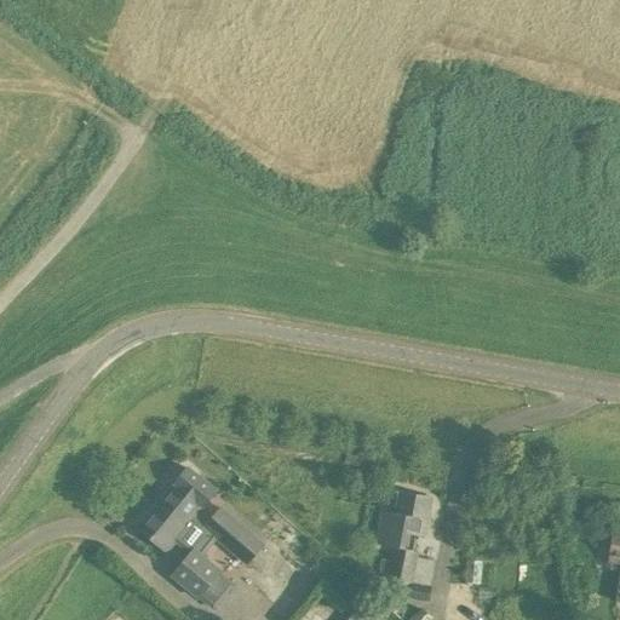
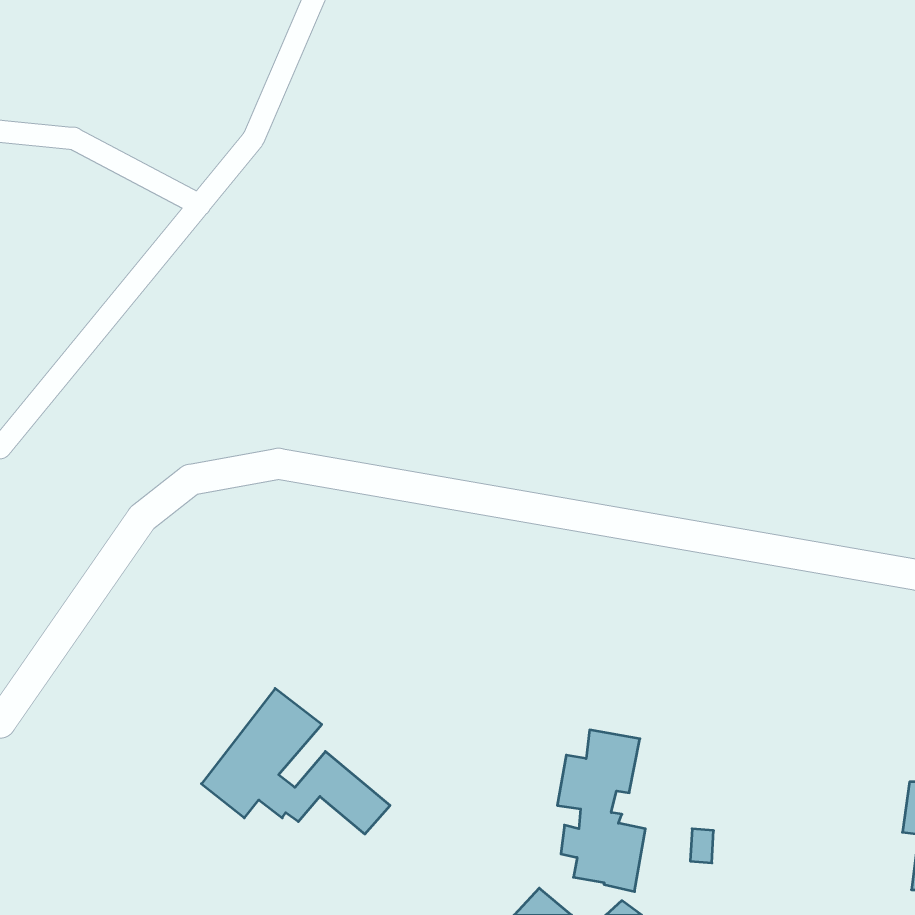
building: [174,547,222,595] -> none

